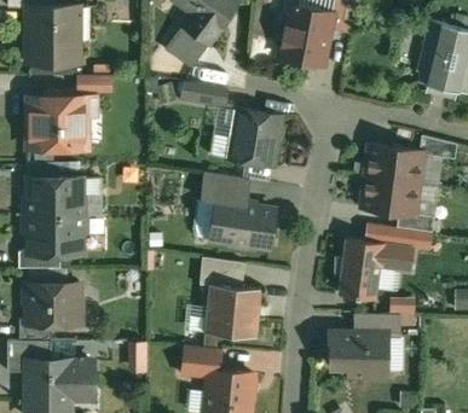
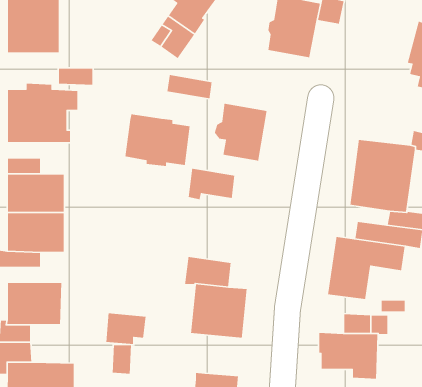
building: [210,197,275,249] -> [125,113,191,167]
building: [183,345,223,377] -> [105,312,146,345]

